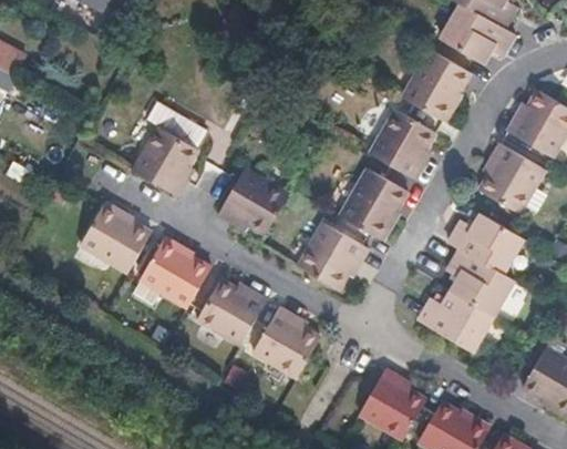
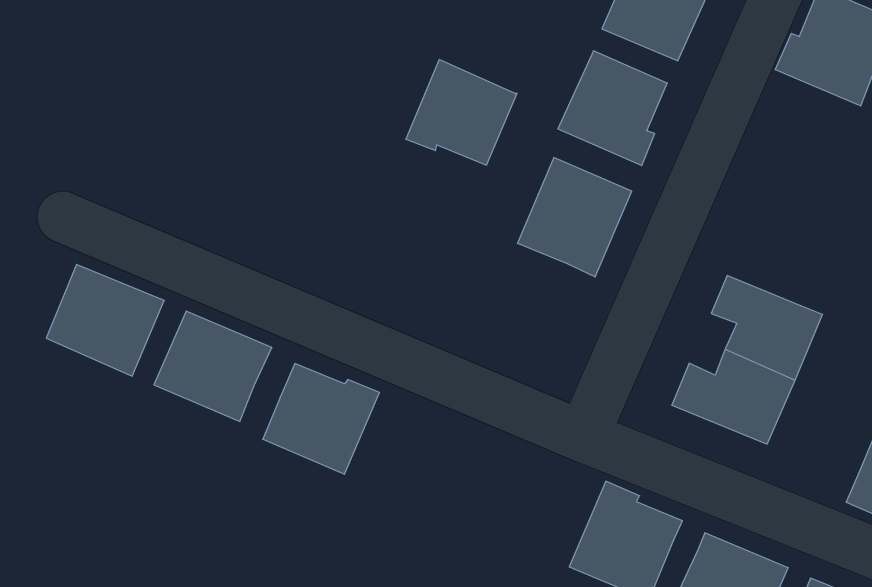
building: [137,116,205,188] -> none
building: [476,141,546,213] -> none
building: [224,162,292,227] -> [406,60,517,165]
building: [450,215,520,272] -> none
building: [296,220,371,290] -> none
building: [234,298,302,370] -> none

